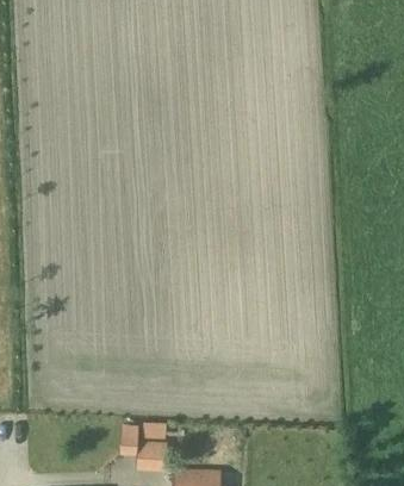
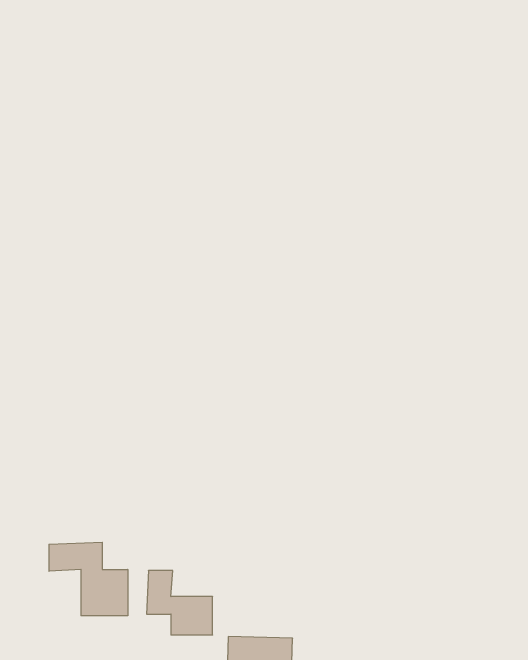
building: none -> [49,542,128,616]

